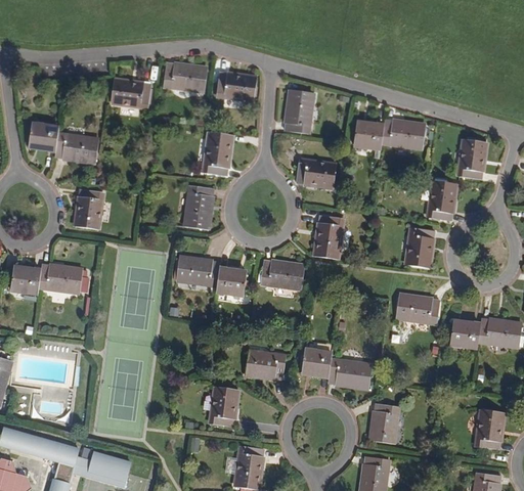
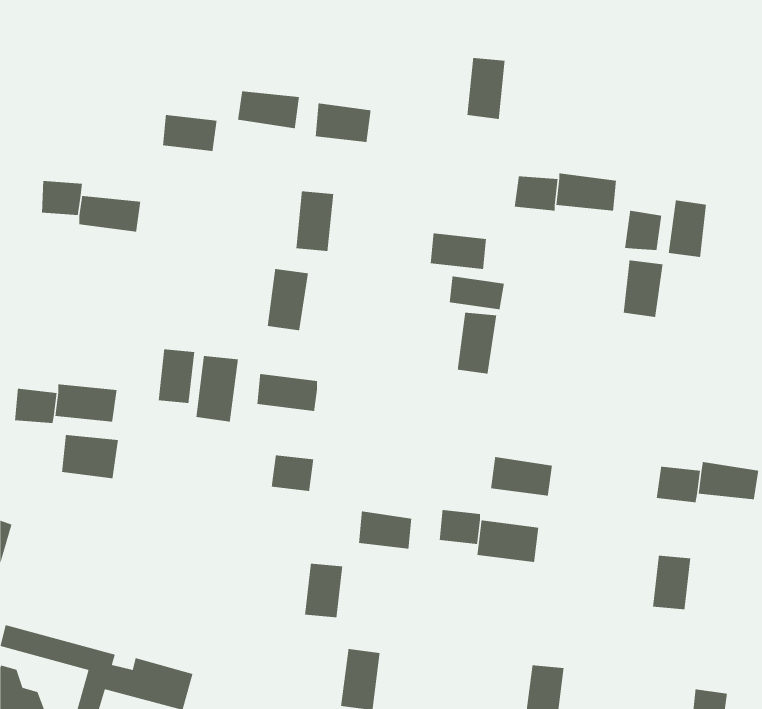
building: [286,89,312,132] -> [467,57,506,120]
building: none -> [624,210,662,251]
building: [76,189,101,227] -> [158,349,195,404]
building: none -> [449,276,505,310]
building: [405,226,433,265] -> none
building: none -> [195,355,239,423]
building: [263,263,306,289] -> none
building: [216,268,246,294] -> [271,454,314,492]
building: [396,294,439,321] -> [490,456,553,496]
building: none -> [61,434,119,479]
building: [372,402,398,442] -> none
building: [476,409,503,447] -> [652,555,691,610]

